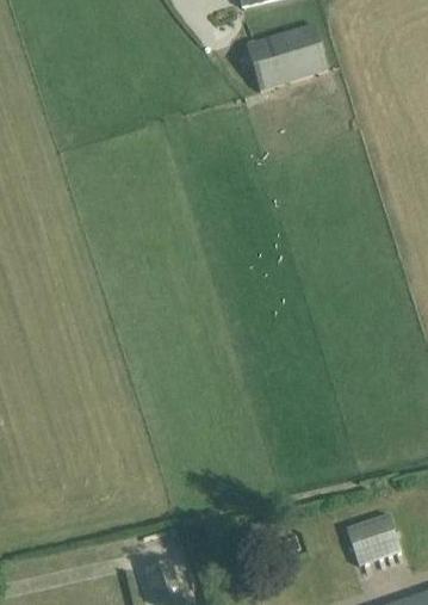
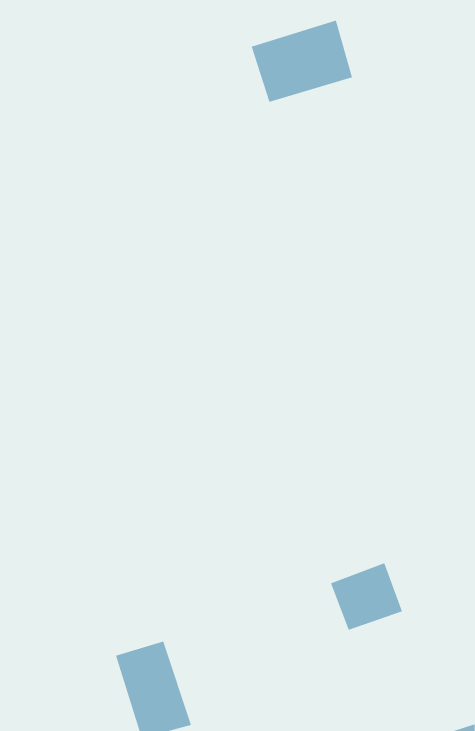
building: [345,510,403,564] -> [330,563,403,631]

